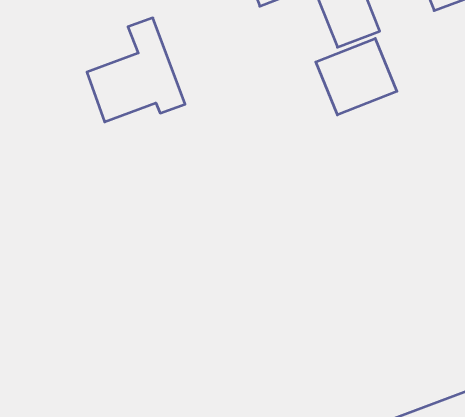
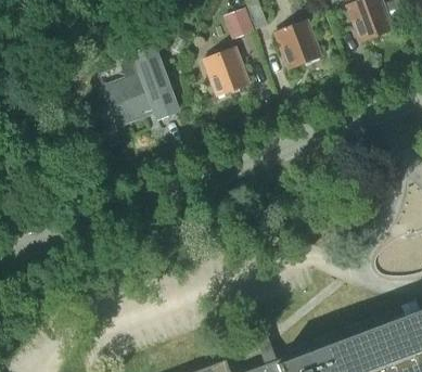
building: none -> [205,48,251,95]
building: [316,38,397,115] -> none

